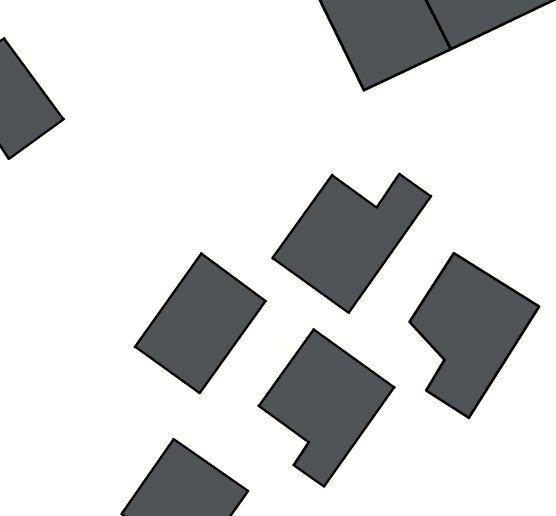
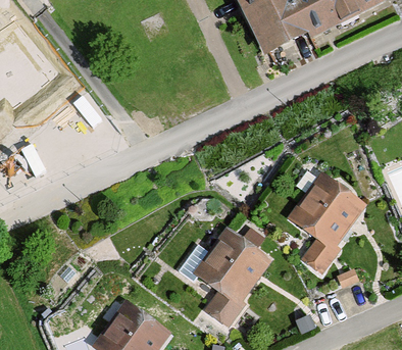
building: [273,174,431,313] -> none
building: [135,253,266,393] -> none

